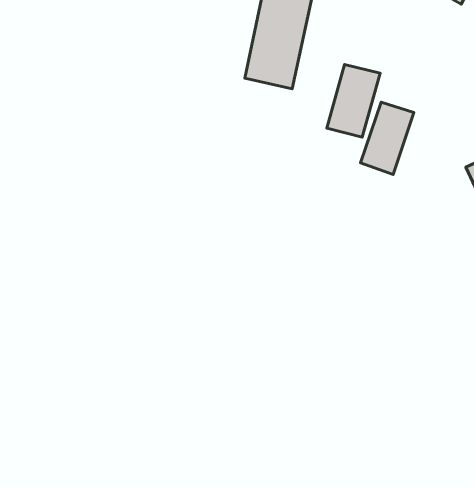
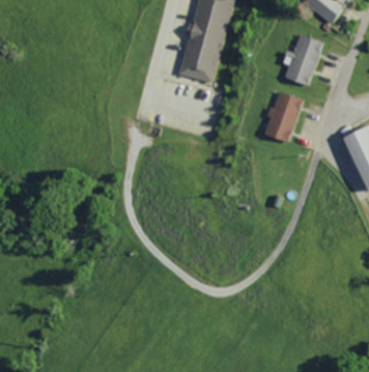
building: [327,64,380,137] -> [284,34,321,85]

